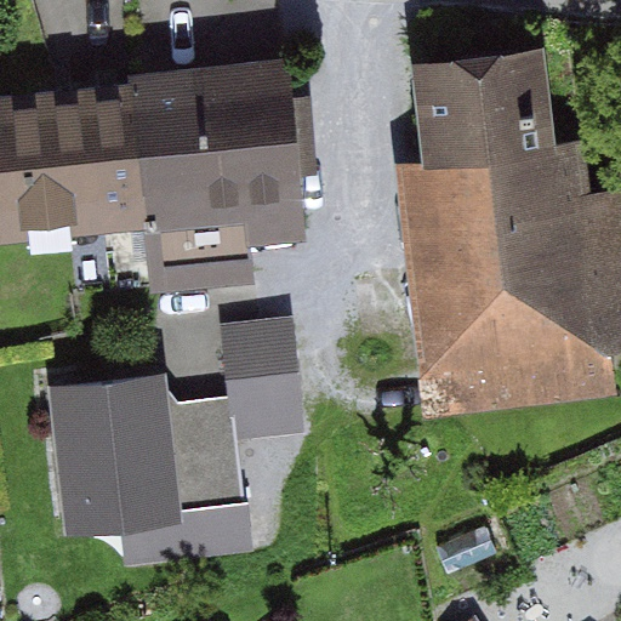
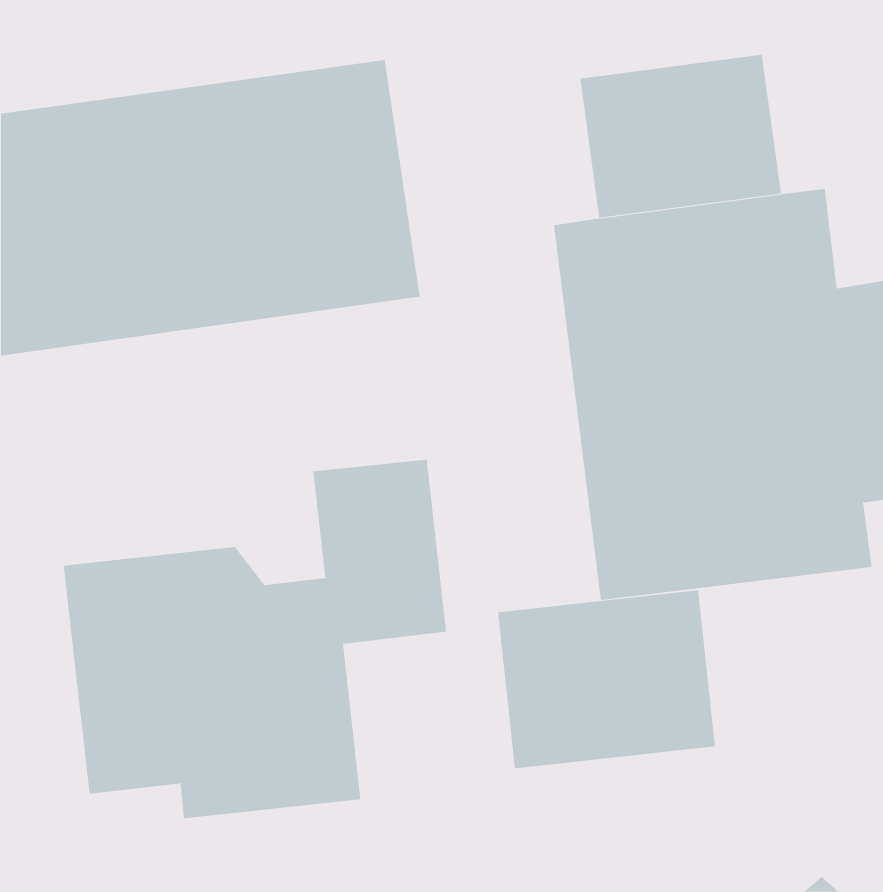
building: none -> [498,590,715,769]

